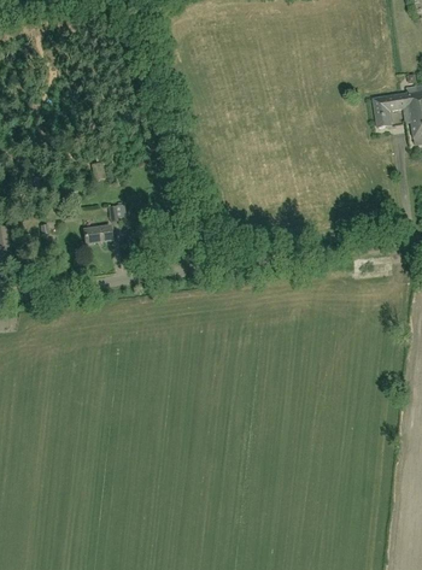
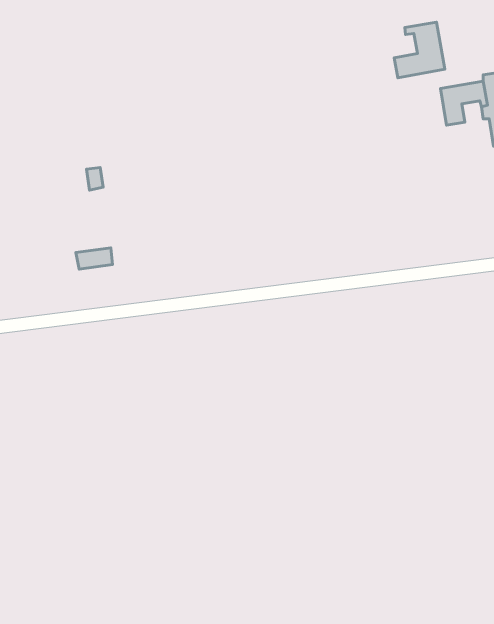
building: none -> [394,22,445,78]

